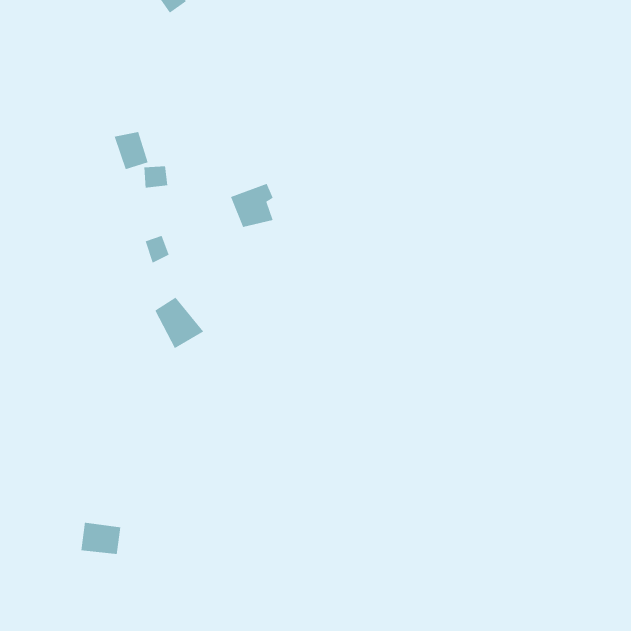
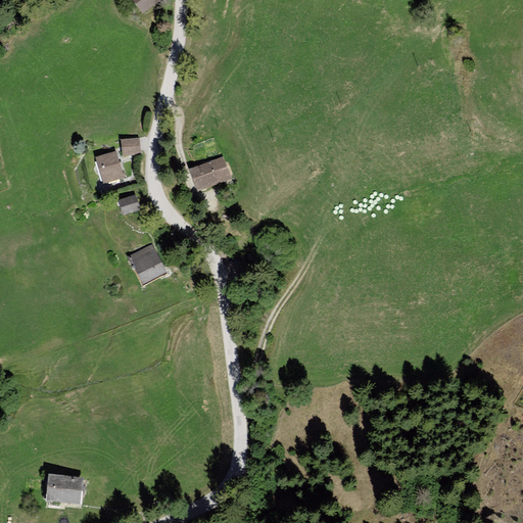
building: [114,131,149,170] -> [95,152,124,184]
building: [80,522,121,554] -> [48,474,82,501]

